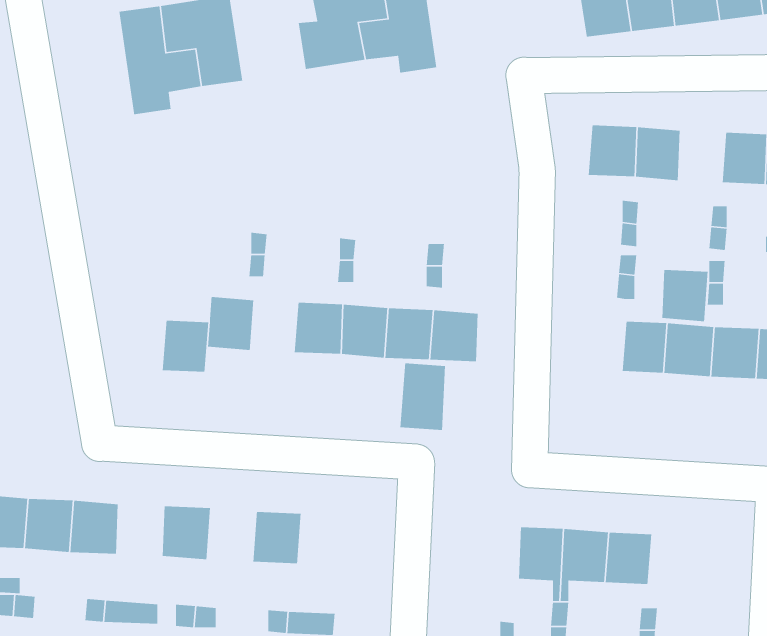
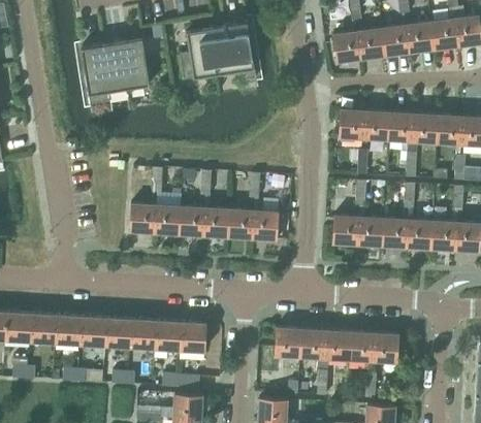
building: none -> [388,111,414,140]
building: [662,269,709,322] -> [333,215,359,243]
building: [162,320,209,373] -> [154,204,180,233]
building: [400,362,446,431] -> none
building: none -> [81,316,106,345]
building: none -> [130,318,157,348]
building: none -> [180,321,207,351]
building: none -> [275,327,301,357]
building: none -> [372,332,399,362]

